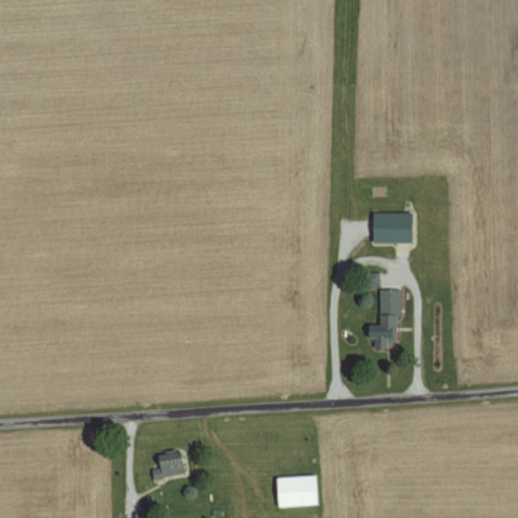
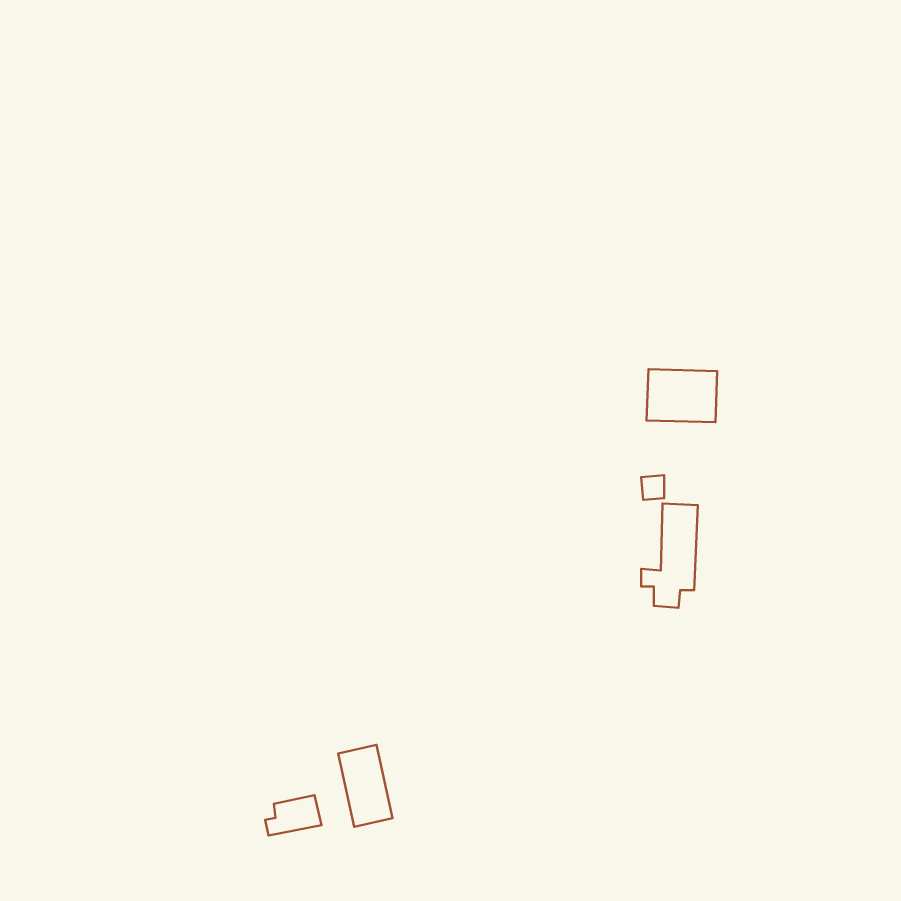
building: none -> [338,745,392,827]
building: [275,476,321,507] -> none

